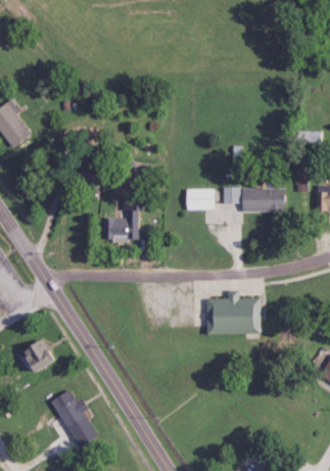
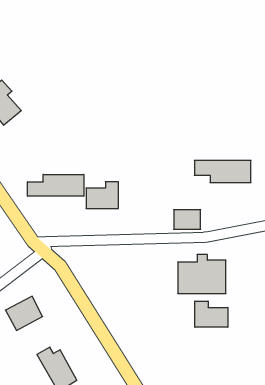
building: [185,189,215,210] -> [174,210,201,229]
building: none -> [28,174,84,196]
building: none -> [195,301,228,327]

